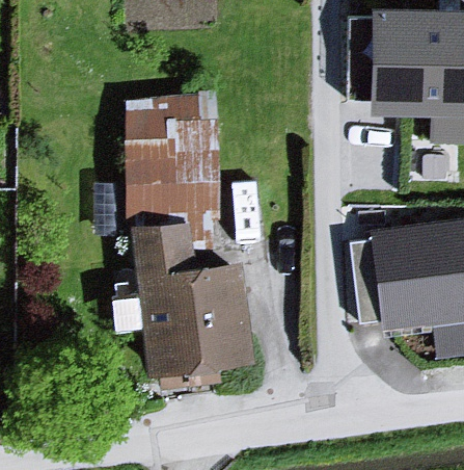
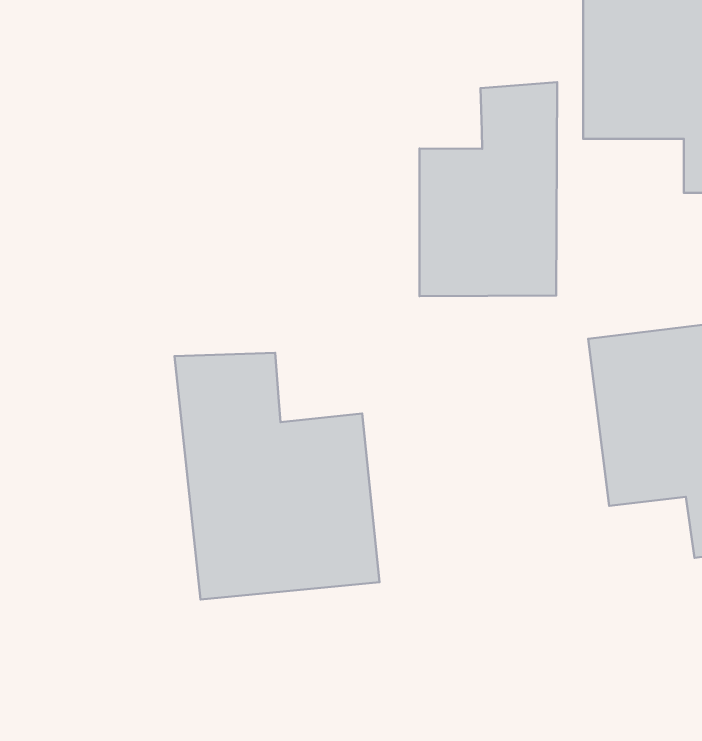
building: none -> [420,82,557,296]
building: [127,104,215,265] -> none

